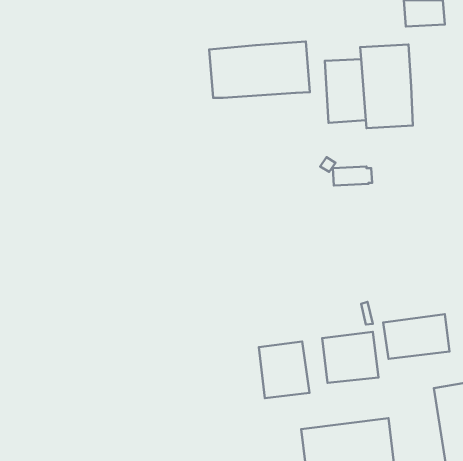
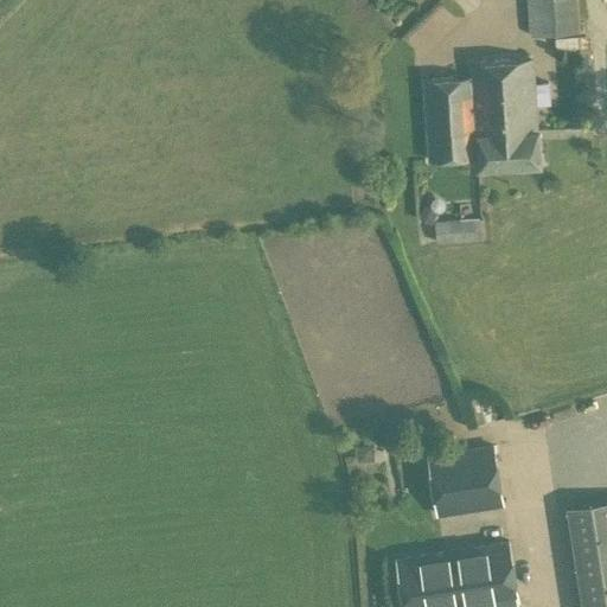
building: [209,42,310,98] -> none
building: [383,314,449,359] -> none
building: [259,341,310,398] -> none

